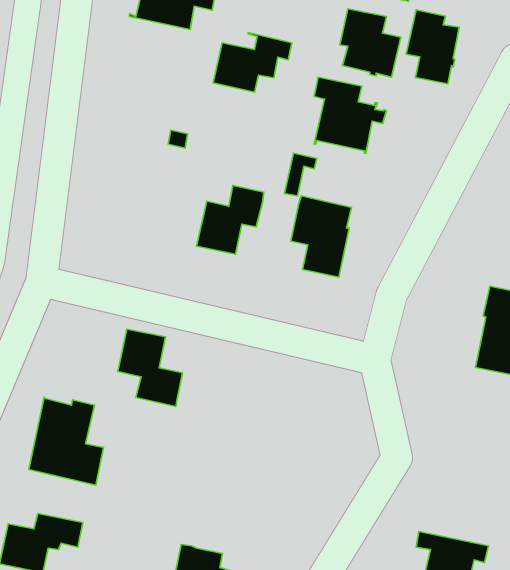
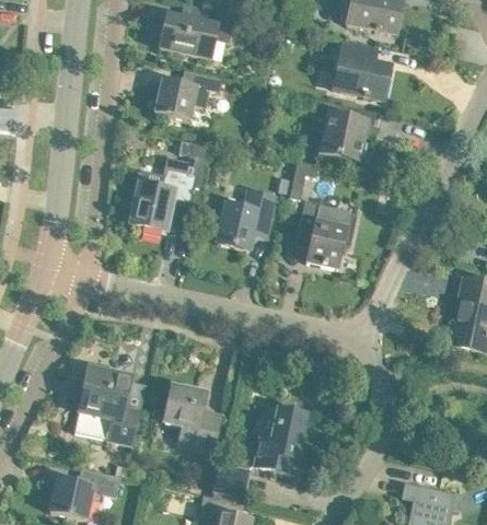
building: [406,10,459,84] -> none
building: [213,33,292,92] -> [154,69,221,119]
building: none -> [129,167,194,235]
building: [118,329,182,406] -> [164,385,219,451]
building: none -> [213,408,305,494]

